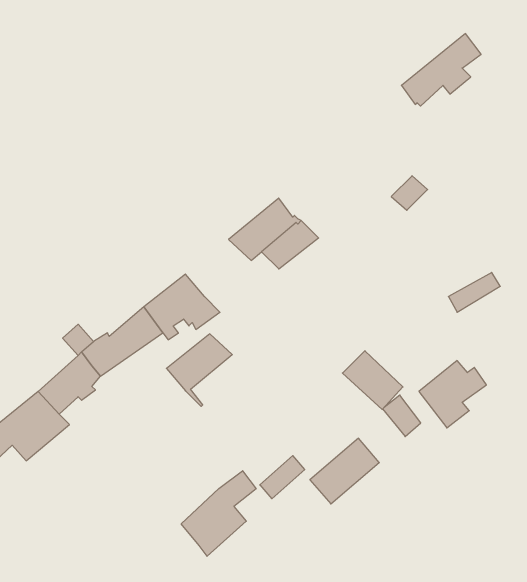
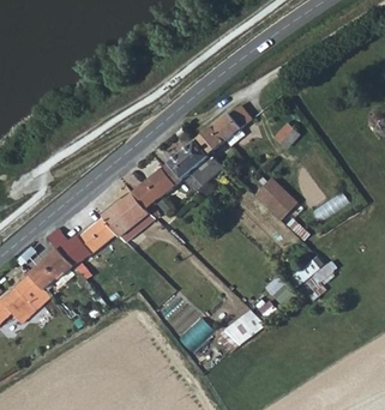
building: [401,34,481,106] -> [195,104,251,155]
building: [166,334,232,406] -> [131,169,176,219]
building: [342,351,403,409] -> [254,179,296,219]
building: [181,471,256,556] -> none

